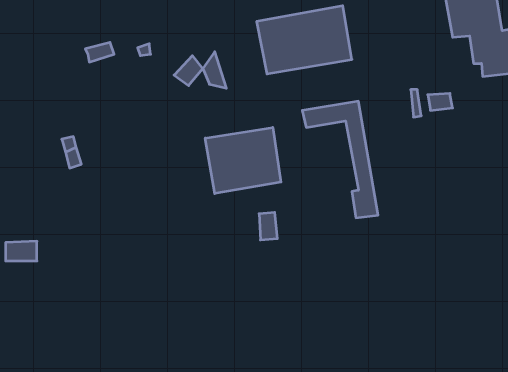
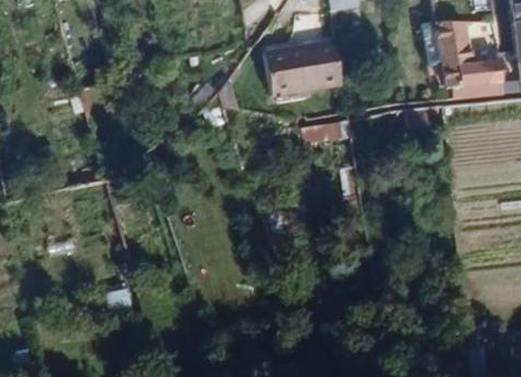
building: [205,127,281,194] -> none

